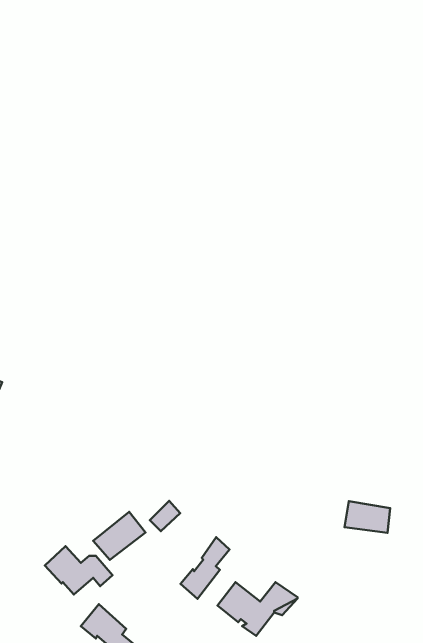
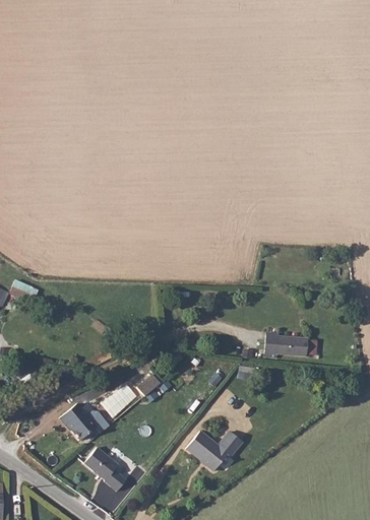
building: [345,501,390,533] -> [274,335,308,359]
building: [180,537,229,599] -> none

